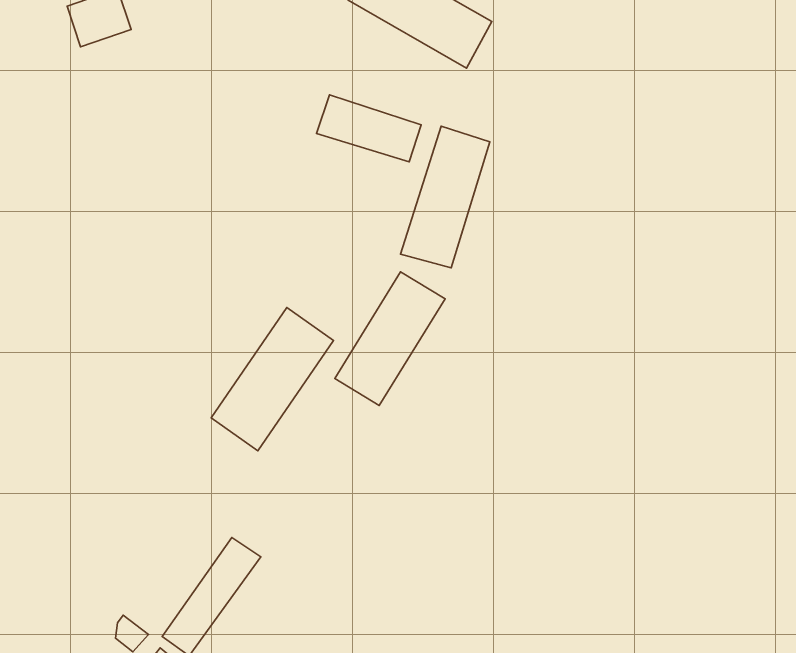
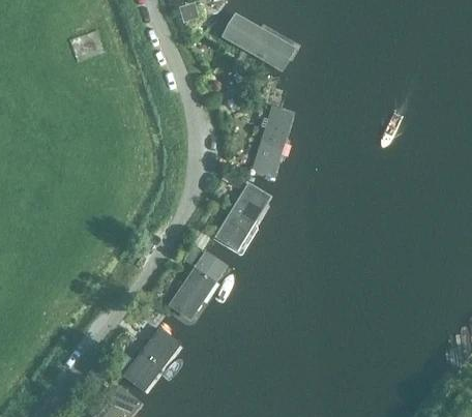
building: [316,95,421,162] -> none
building: [211,307,333,451] -> [168,252,233,329]

